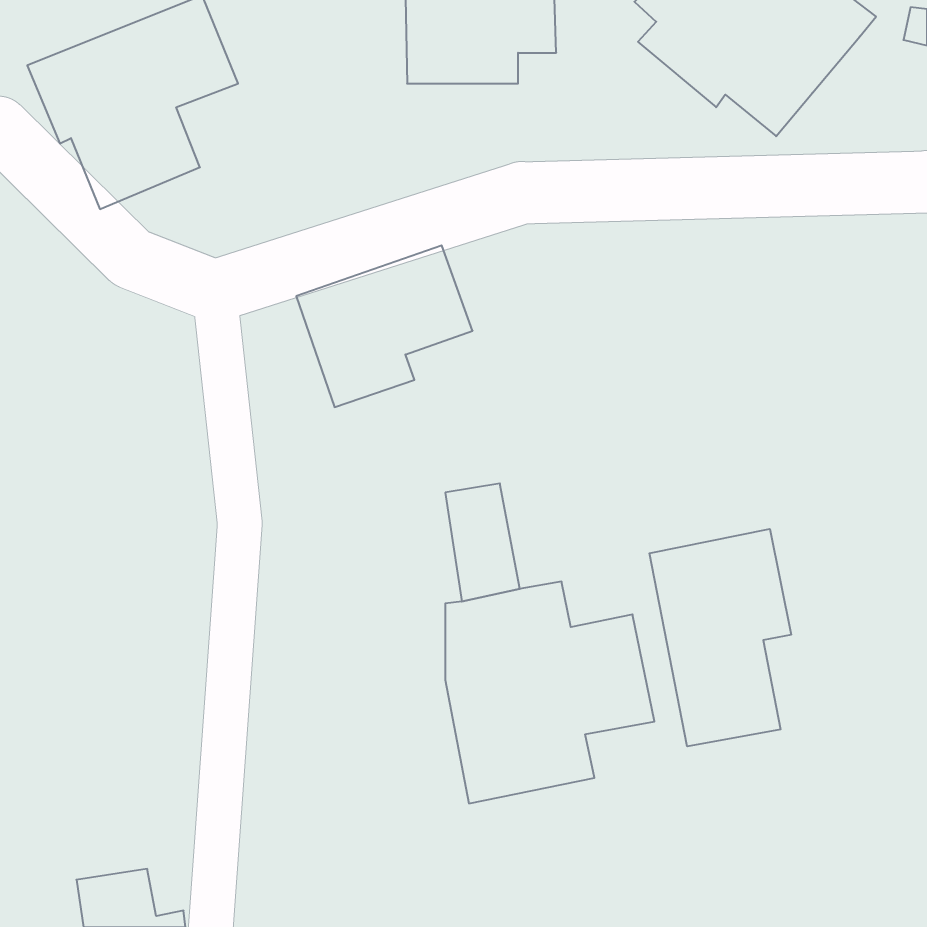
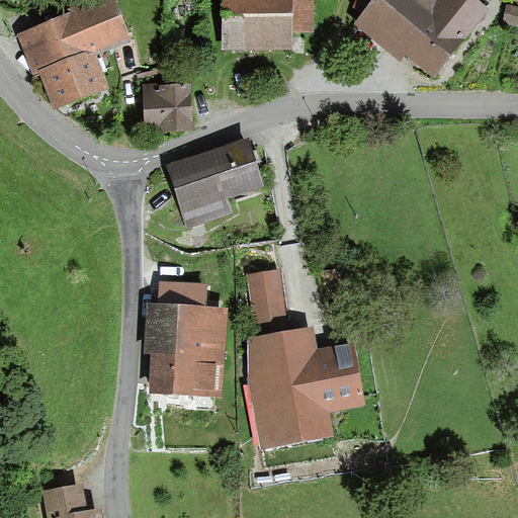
building: none -> [146,92,189,131]
building: none -> [143,282,226,402]
building: [649,529,791,746] -> none

